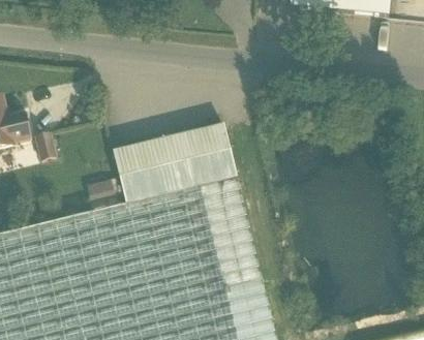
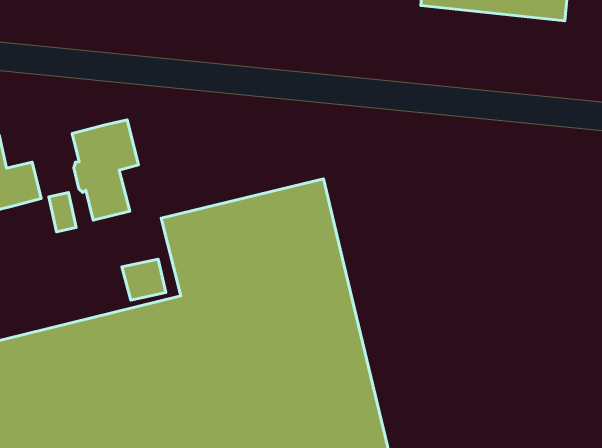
building: none -> [72,120,138,220]

